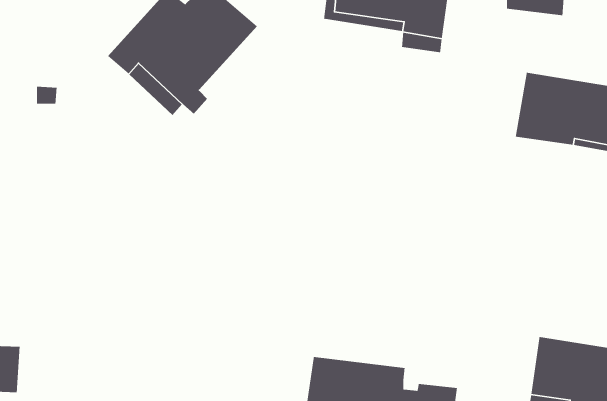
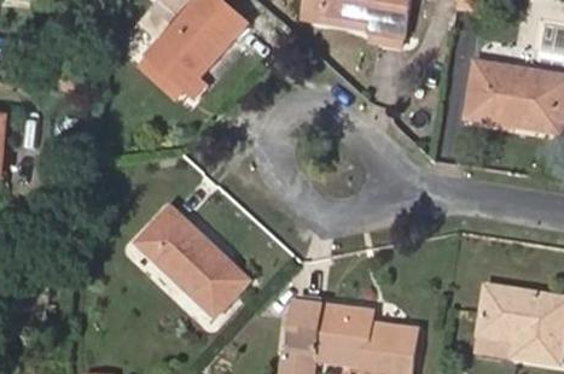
building: none -> [139,208,248,315]

